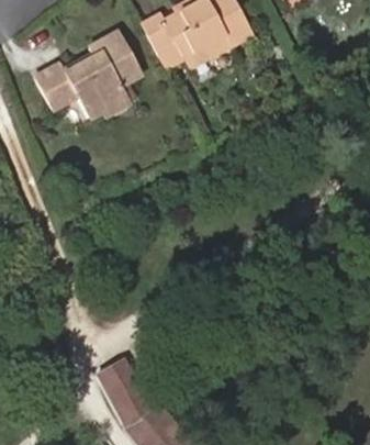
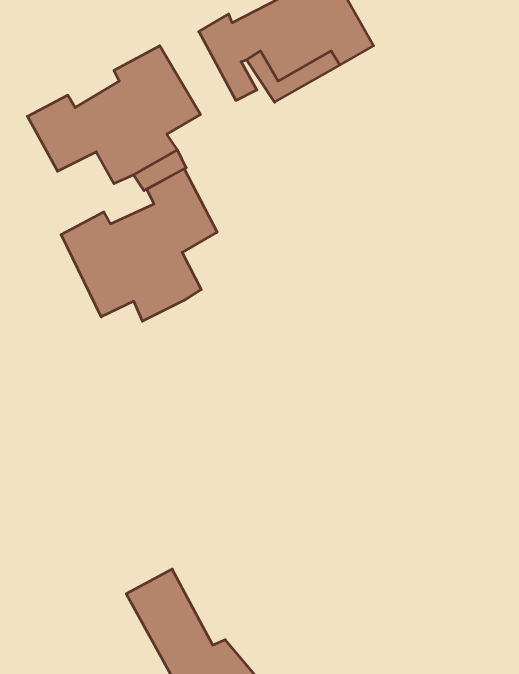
building: none -> [61,169,217,321]

